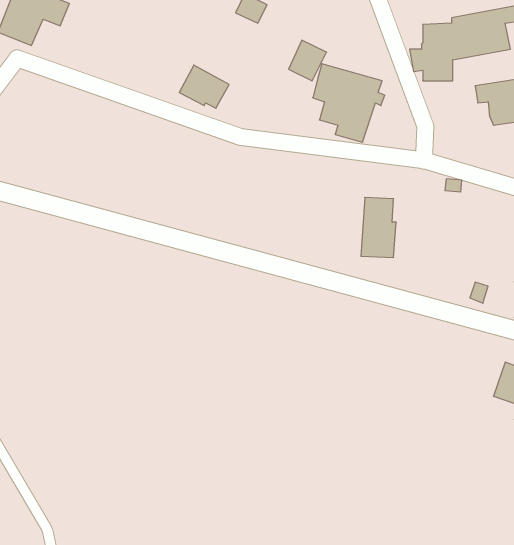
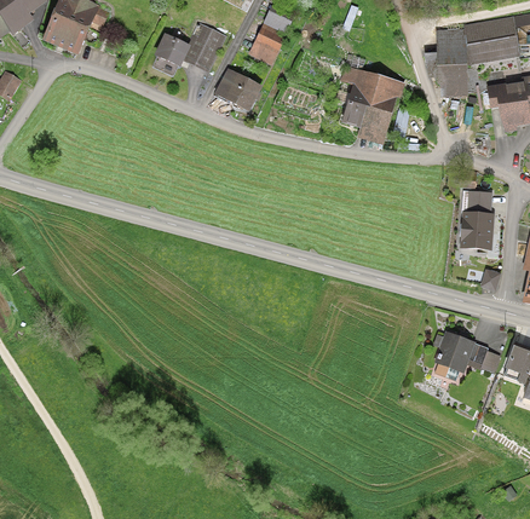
building: none -> [156,23,224,65]
building: [289,40,327,81] -> [250,23,286,60]
building: [361,197,396,258] -> [461,189,494,244]
building: none -> [433,331,497,380]

